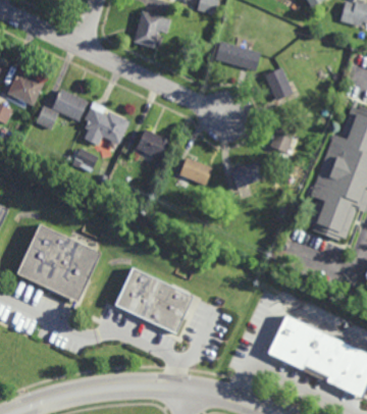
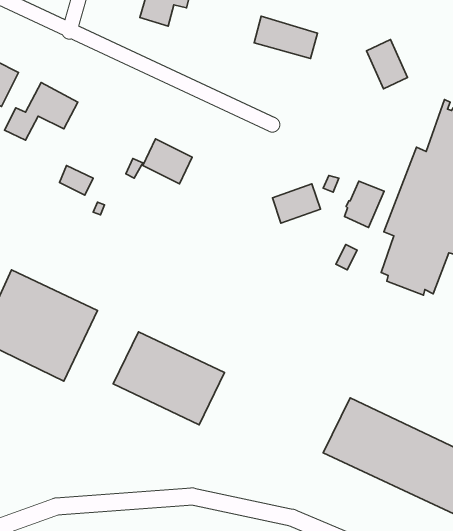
building: [264,65,294,101] -> [366,40,407,89]
building: [83,101,130,147] -> none
building: [269,119,298,153] -> [345,181,384,228]
building: [178,156,211,185] -> none

